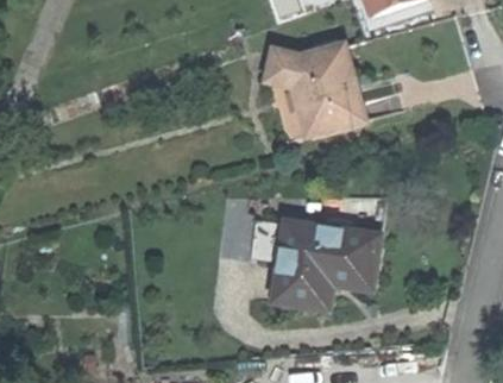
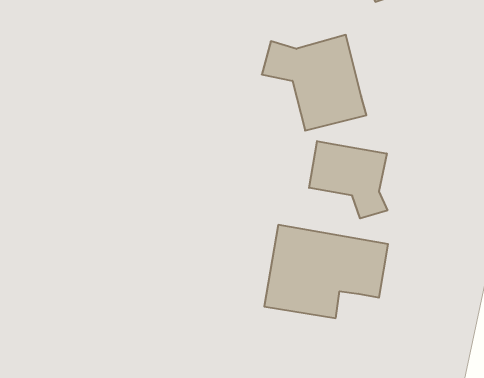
building: none -> [309,141,387,218]

